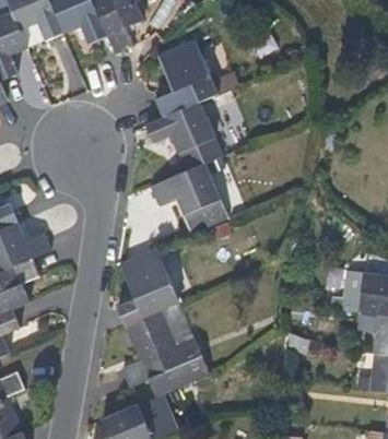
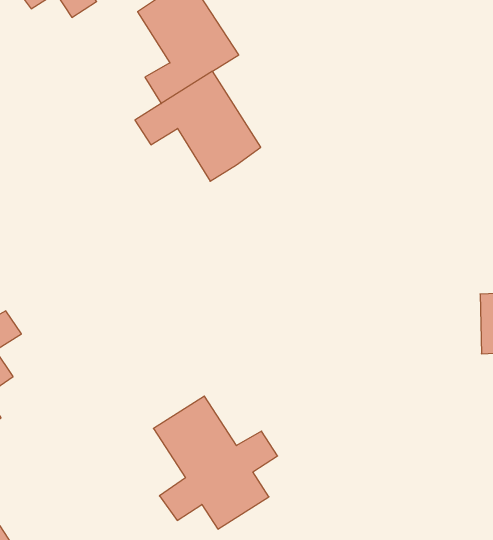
building: [151,164,228,233] -> none
building: [117,248,178,323] -> none

